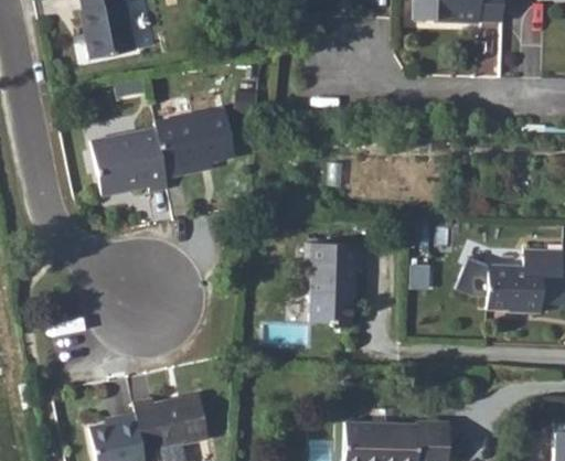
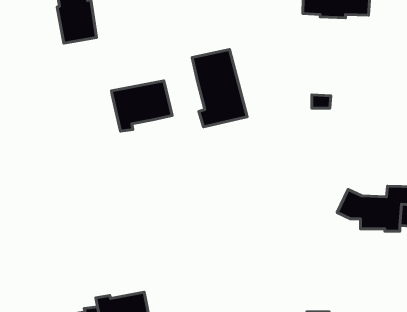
building: none -> [192,50,247,127]
building: [92,129,169,196] -> none
building: [306,240,362,325] -> none

